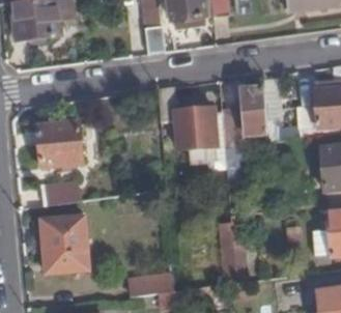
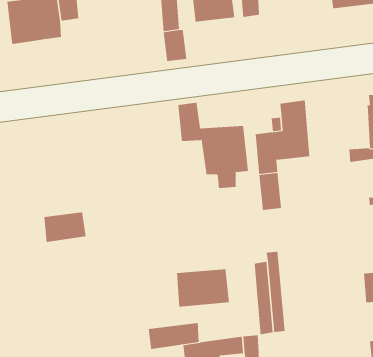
building: [38,123,82,166] -> none
building: [42,215,88,272] -> none
building: none -> [177,268,229,307]

